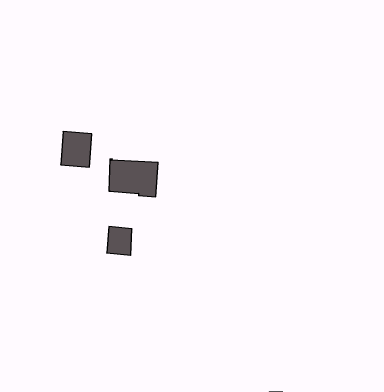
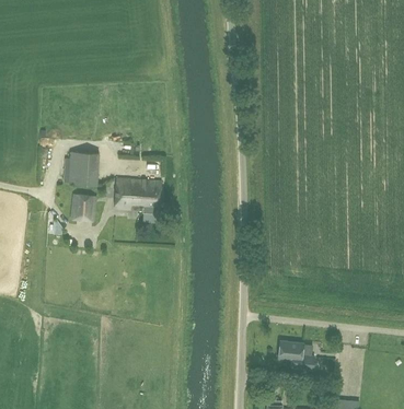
building: [107,227,132,255] -> [71,194,95,221]
building: none -> [278,340,313,370]

